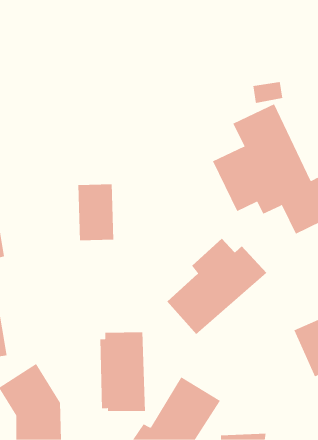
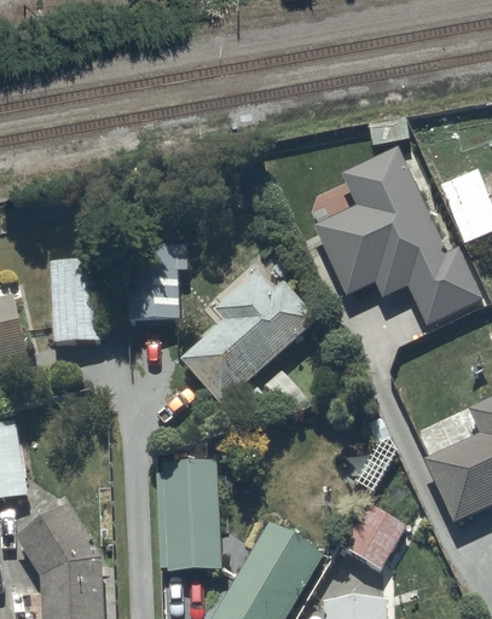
building: none -> [50,259,98,342]
building: [167,238,267,335] -> [180,271,319,405]
building: none -> [341,502,405,569]

